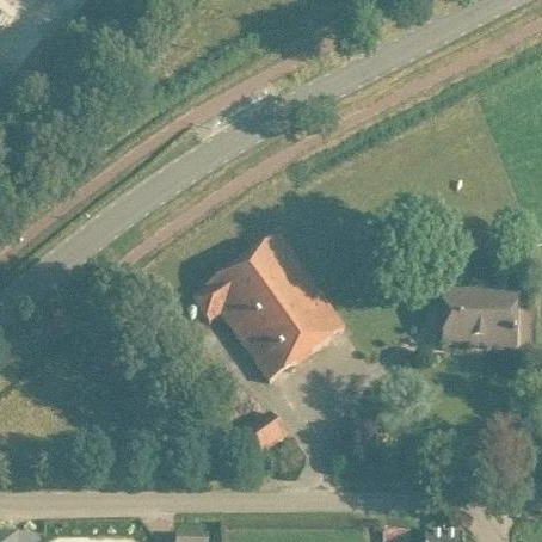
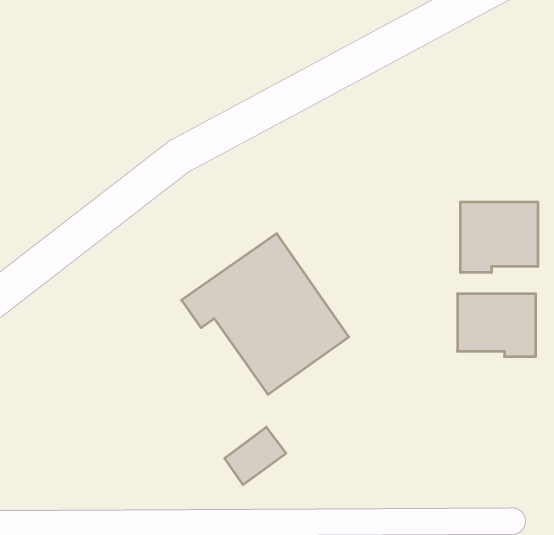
building: none -> [460,202,538,273]

